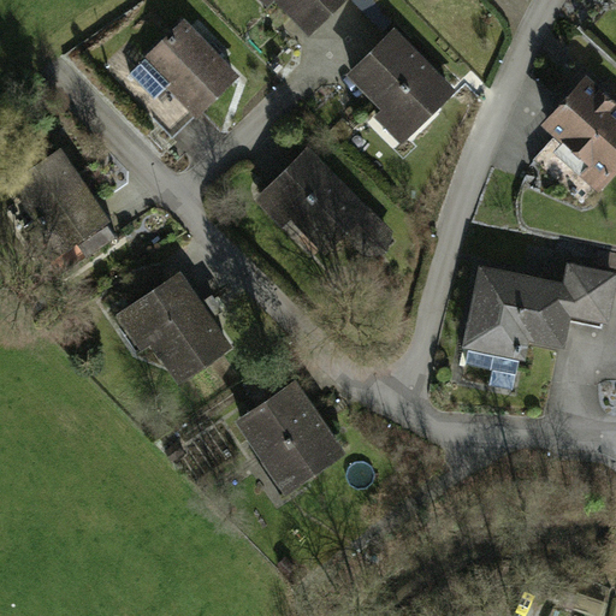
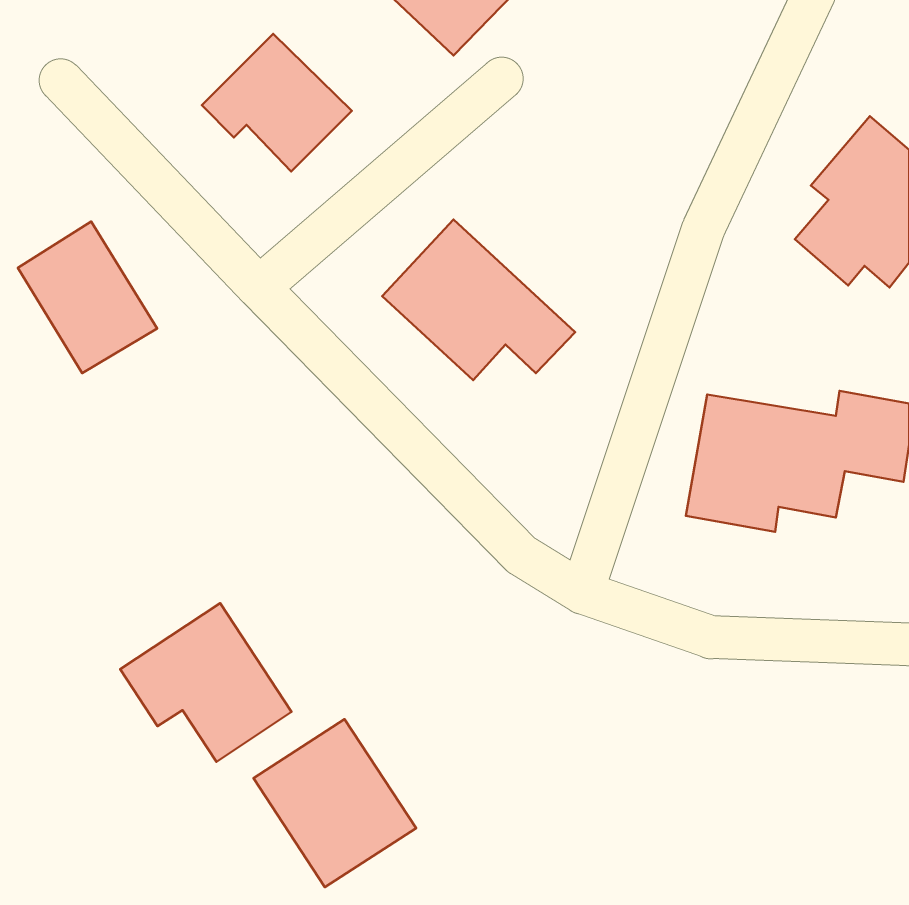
building: [353,36,454,146] -> none
building: [112,273,227,380] -> [120,603,291,762]
building: [235,381,344,494] -> [254,719,416,887]

